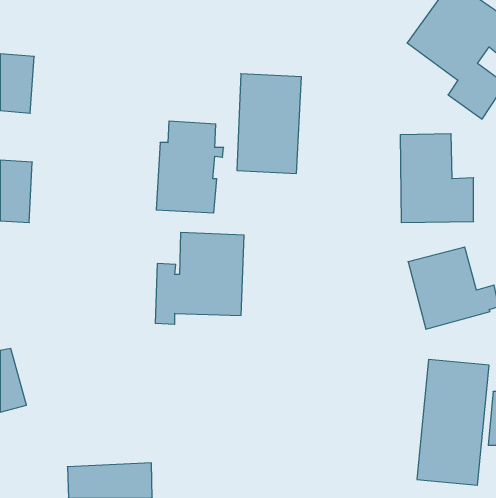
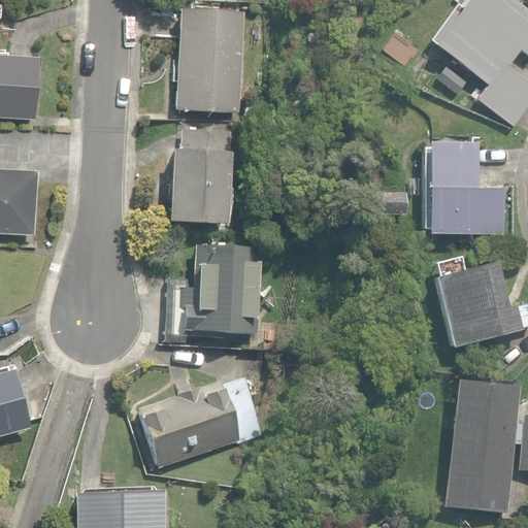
building: [237,74,301,173] -> [176,8,244,113]
building: none -> [138,376,266,467]

